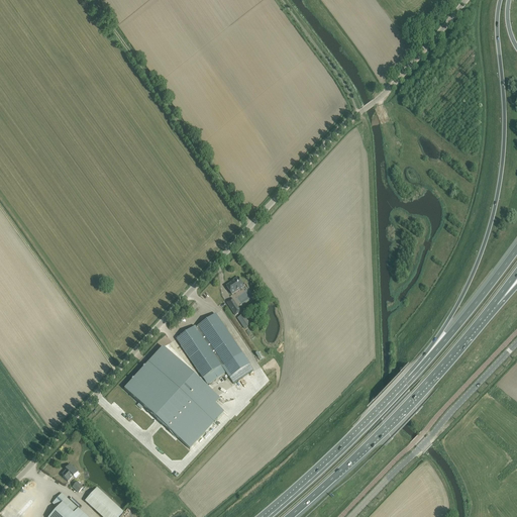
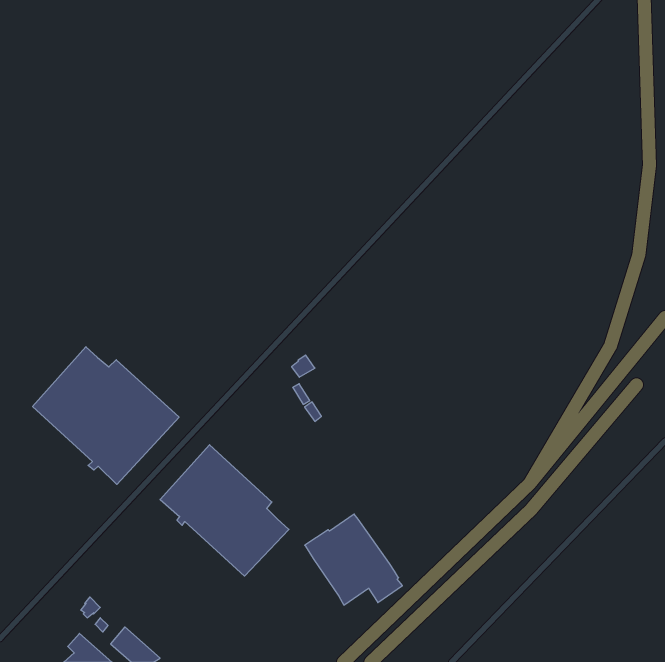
building: none -> [33,347,179,484]
building: [177,313,252,384] -> [305,514,402,605]

